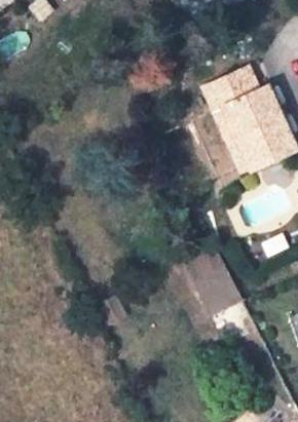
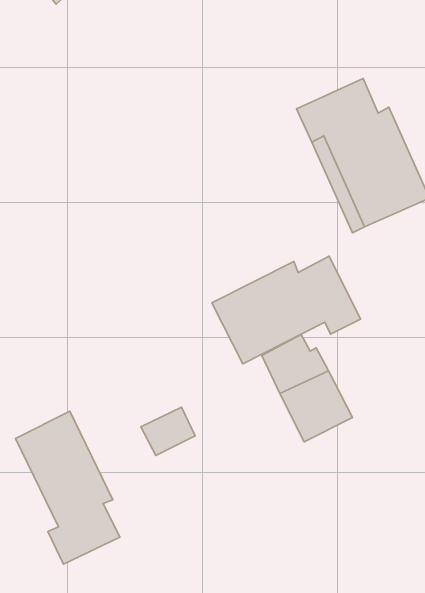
building: none -> [212,256,361,364]
building: none -> [16,411,120,564]

